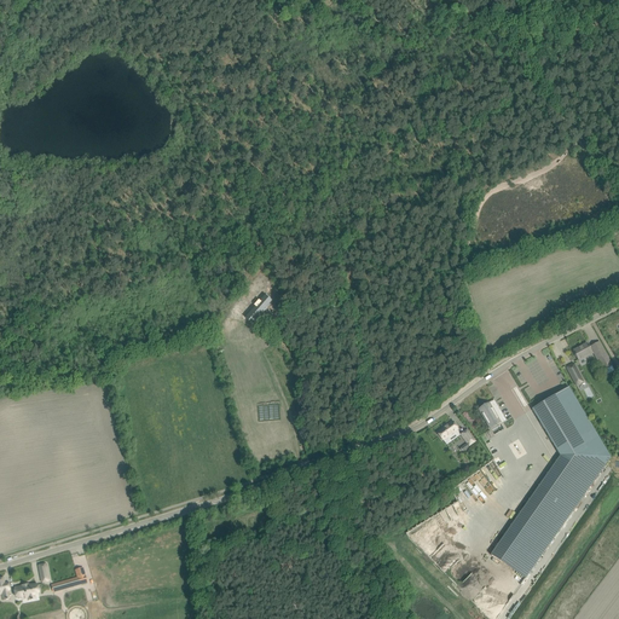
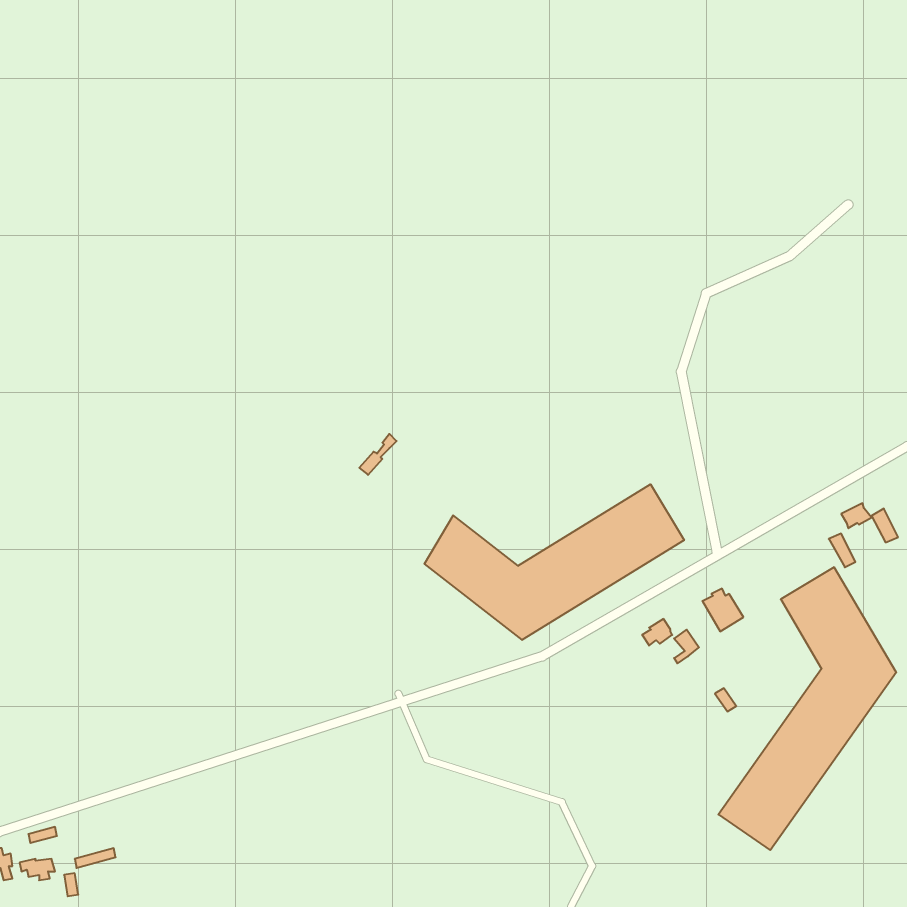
building: none -> [424,484,684,640]

